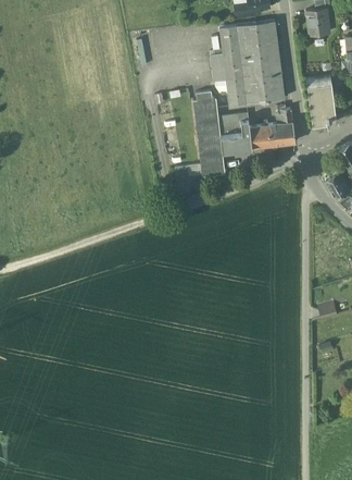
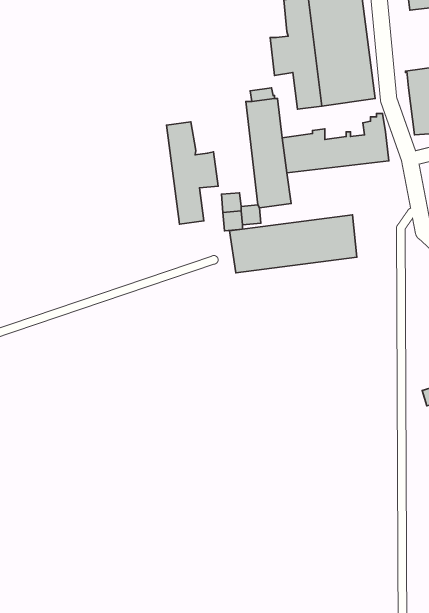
building: none -> [167,122,218,224]
building: none -> [230,215,357,273]

